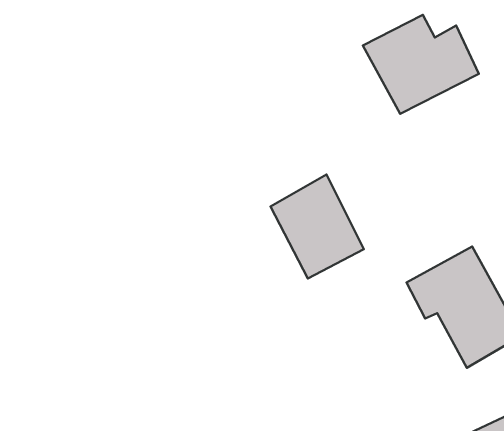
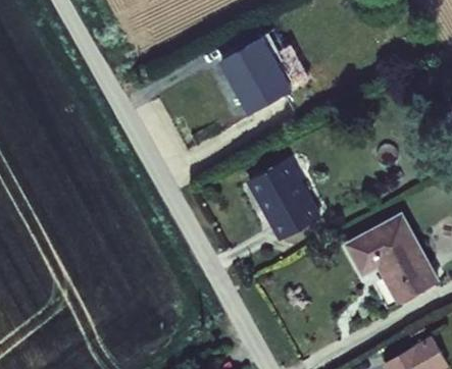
building: [363,15,479,114] -> [221,36,310,111]

